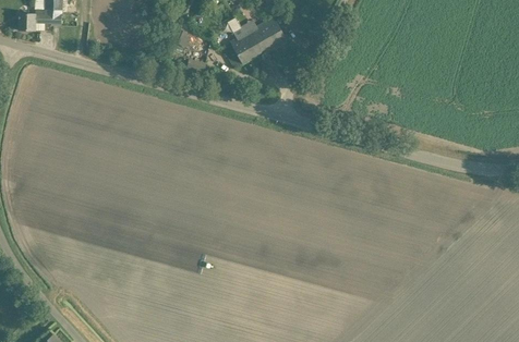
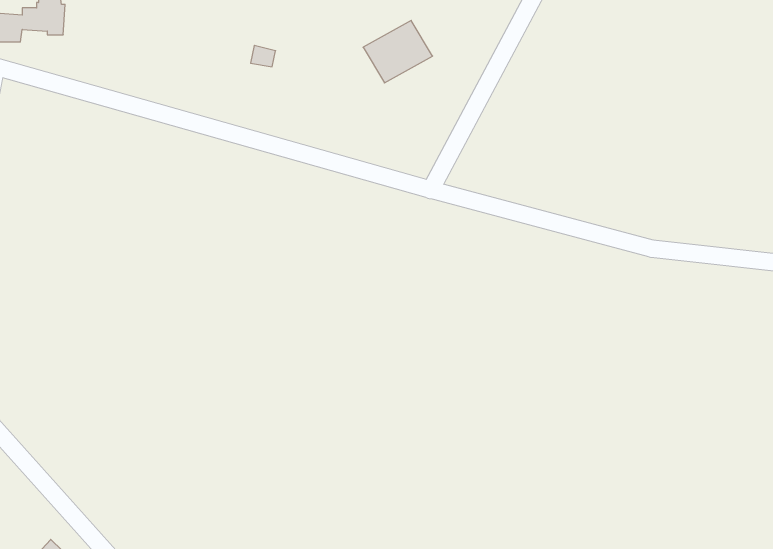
building: [224,34,256,68] -> none

